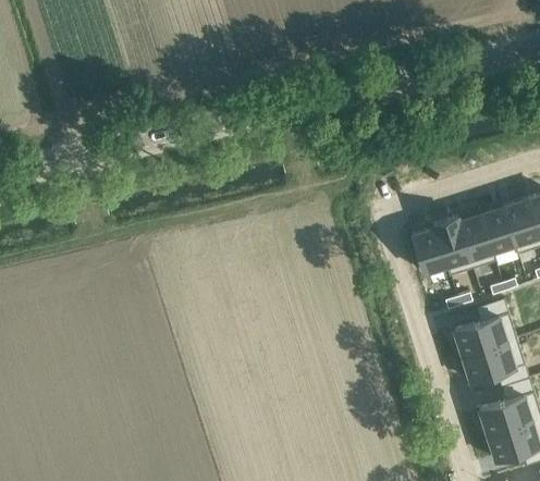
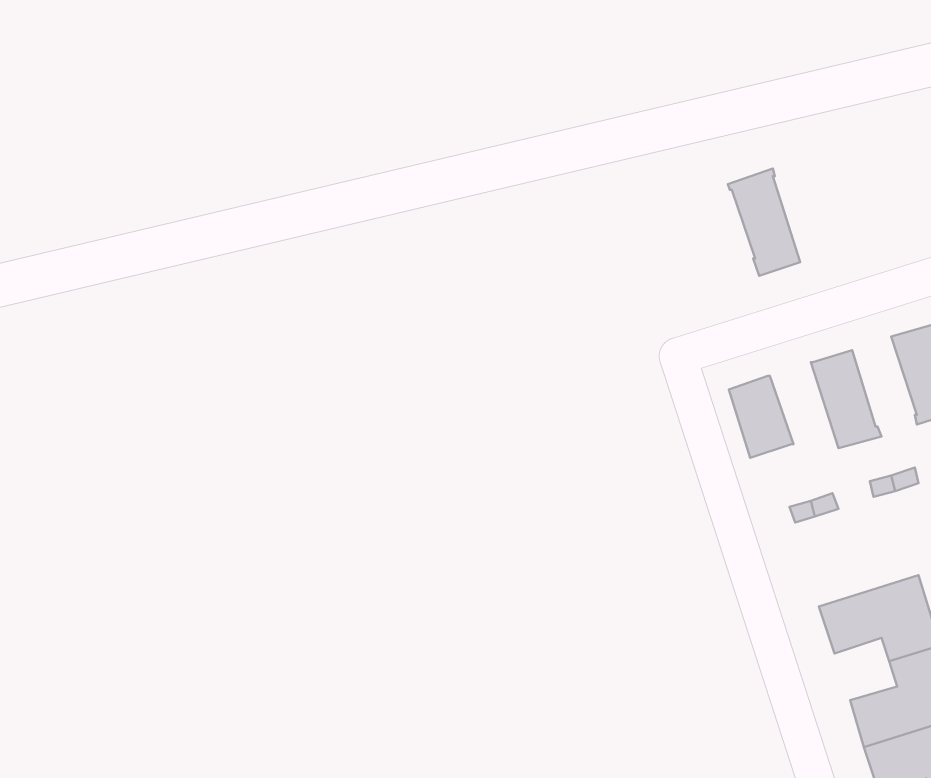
building: [479,206,515,256] -> none
building: [431,215,471,275] -> [728,168,800,276]
building: [453,299,516,356] -> none

